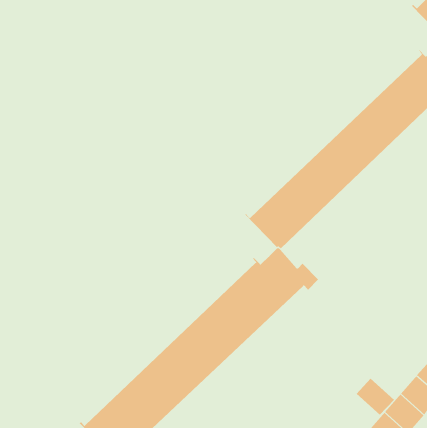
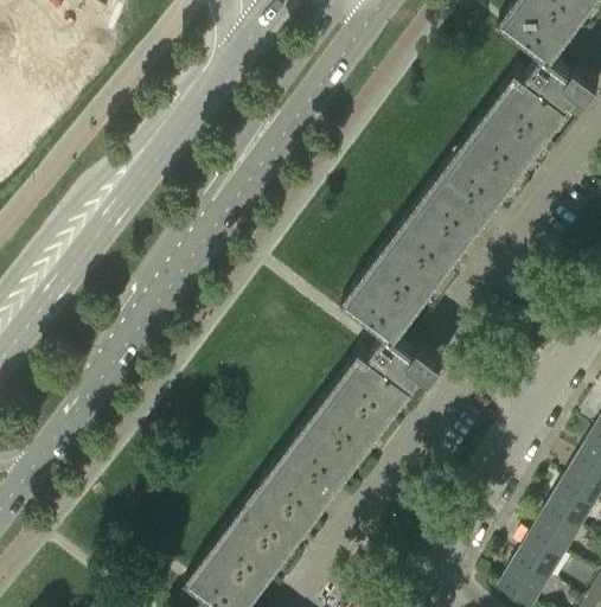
building: [356,378,395,415] -> none

